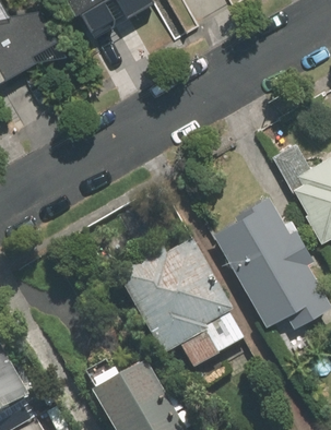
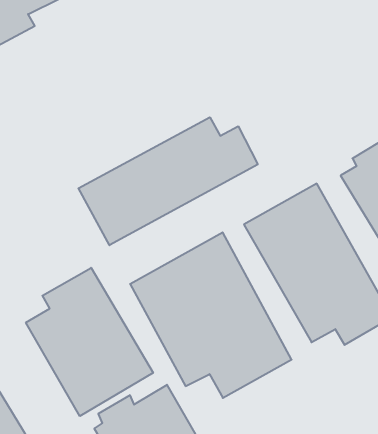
building: none -> [78,117,258,245]
building: none -> [26,268,153,416]

